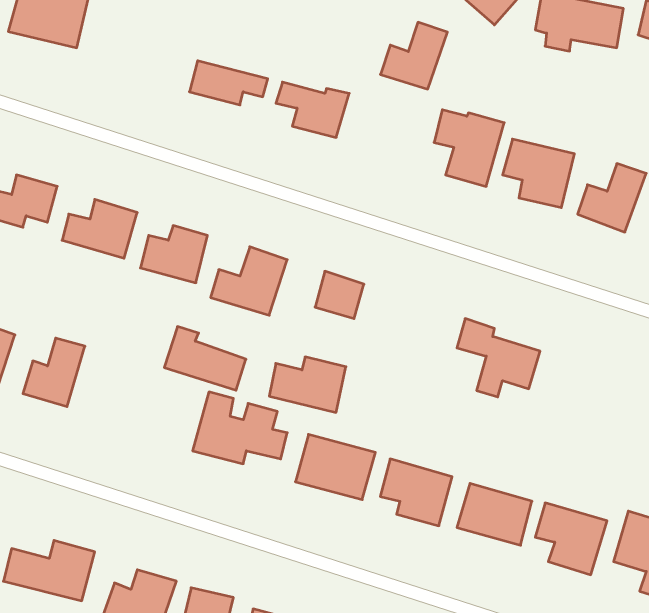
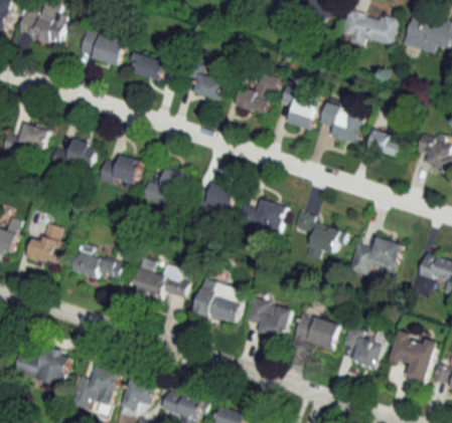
building: none -> [78,28,124,64]
building: [380,22,447,89] -> [235,72,276,114]
building: [164,327,246,390] -> [71,244,122,283]
building: [269,357,346,412] -> [238,200,285,234]
building: none -> [348,236,402,275]

